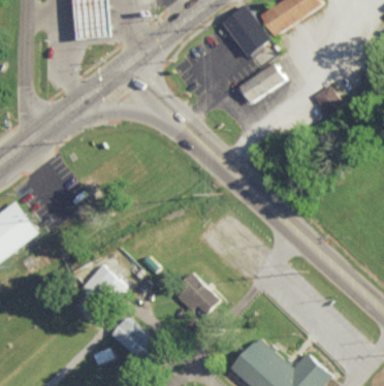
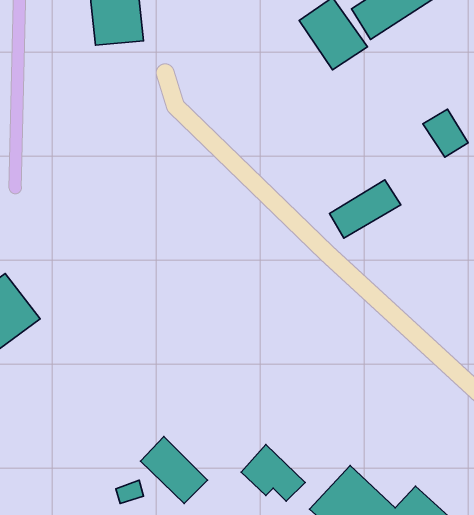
building: [233,63,284,104] -> [329,180,401,238]
building: [78,264,123,312] -> none
building: [171,275,217,315] -> [241,445,305,501]

